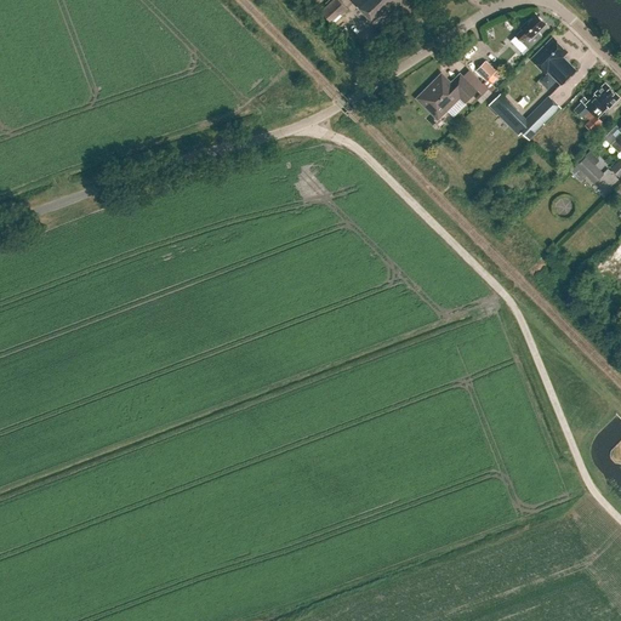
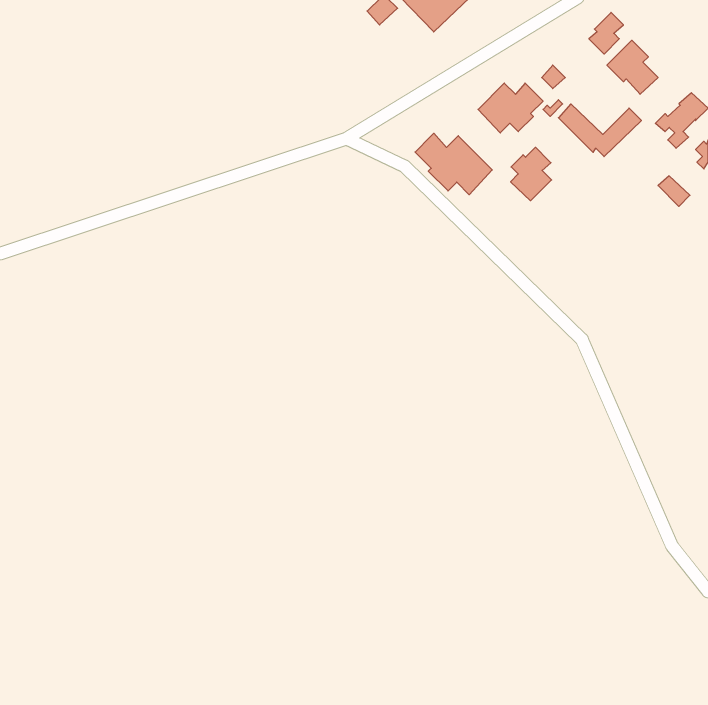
building: none -> [415,133,492,195]
building: none -> [511,147,552,201]

